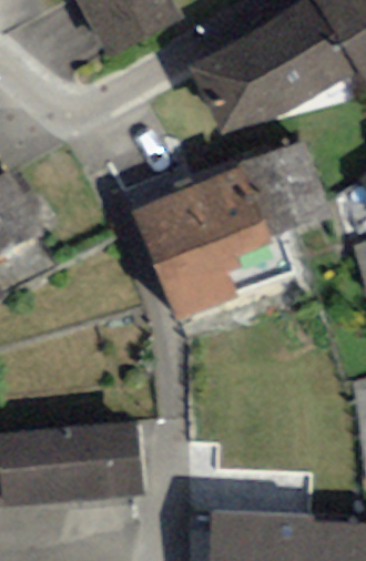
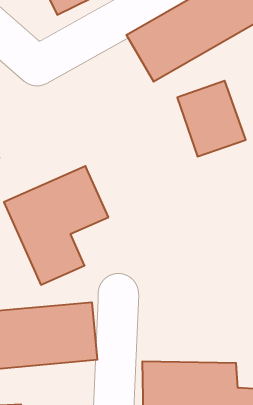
building: [130,169,262,318] -> [4,166,108,285]

